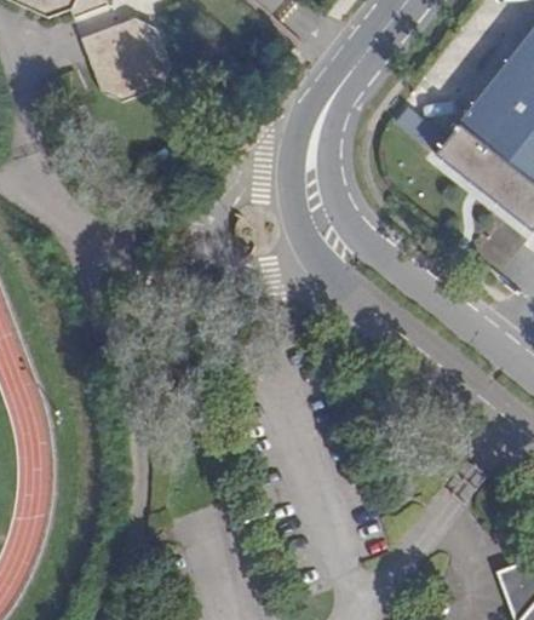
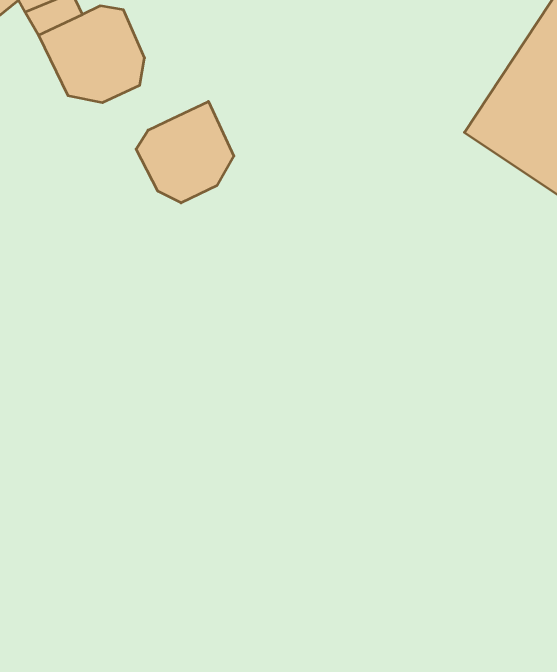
building: none -> [136,101,234,203]

